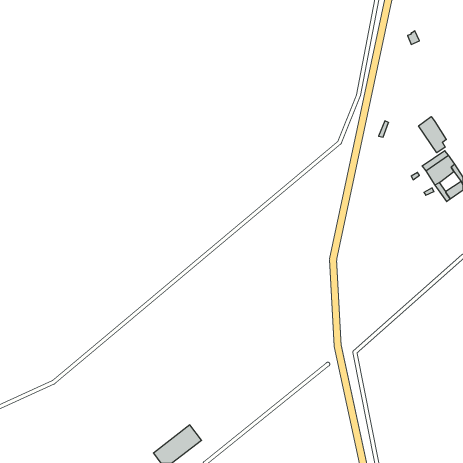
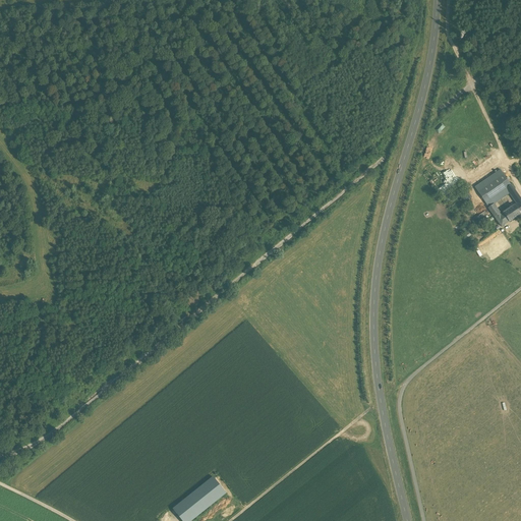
building: [419,117,446,153] -> none

